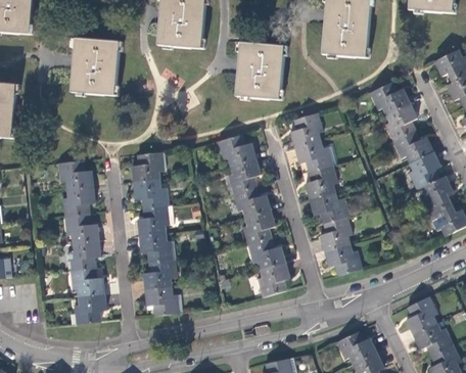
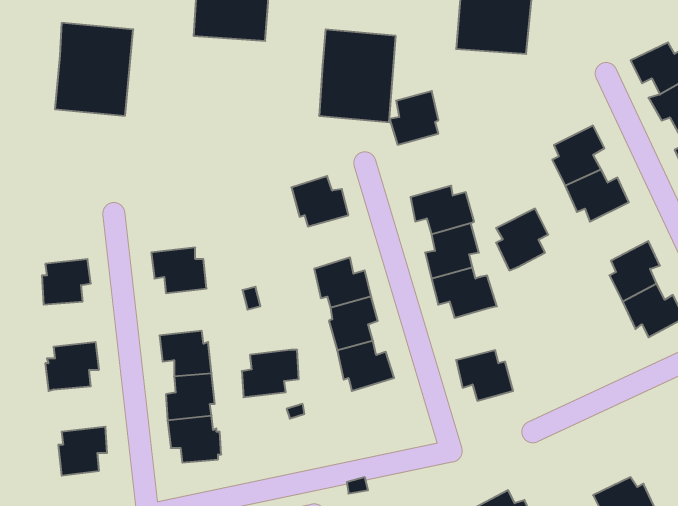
building: [370,82,410,114] -> none
building: [290,113,321,147] -> [390,91,438,145]
building: [408,150,440,189] -> [496,209,548,270]
building: [132,151,164,182] -> none
building: [226,158,261,193] -> none
building: [59,159,93,189] -> none
building: [137,204,173,234] -> [242,350,299,397]
building: [65,213,98,241] -> none
building: [319,217,350,249] -> none
building: [258,261,289,295] -> none
building: [72,266,104,294] -> none
building: [403,296,435,334] -> none

